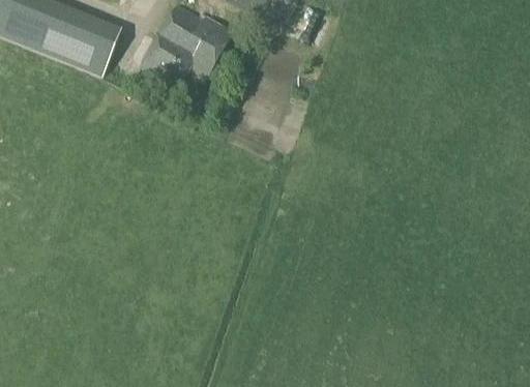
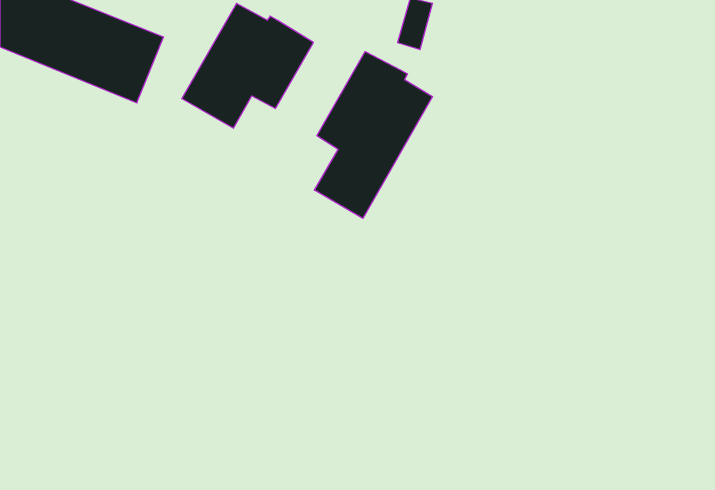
building: none -> [314,52,433,218]

